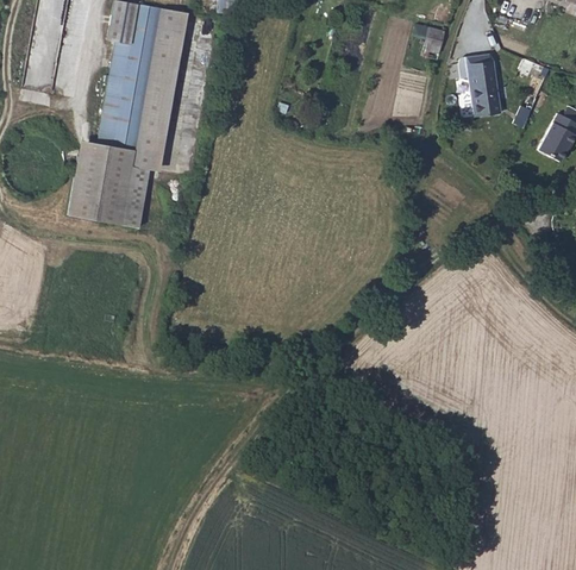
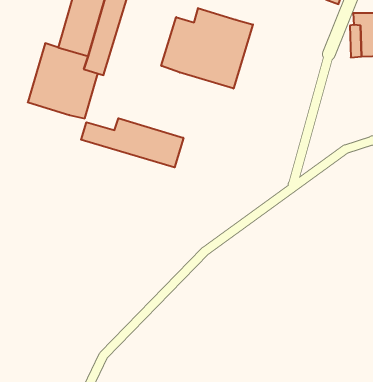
building: none -> [161,8,253,89]
building: none -> [81,118,183,167]

